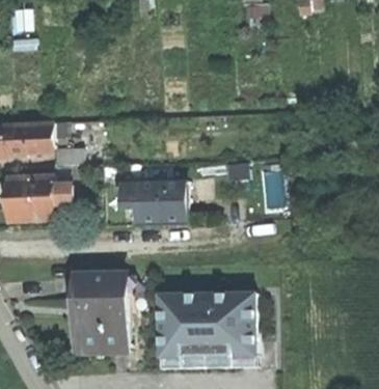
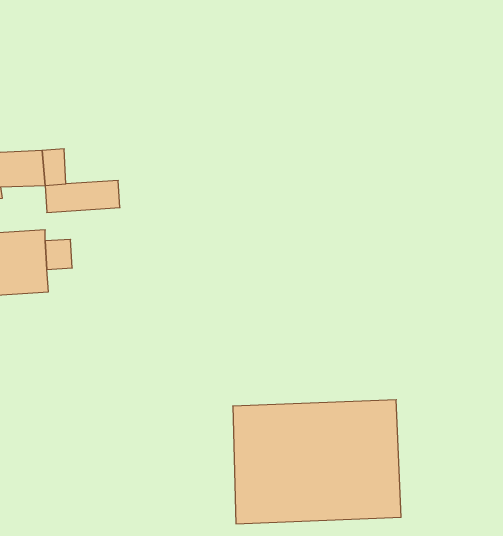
building: [115,179,178,220] -> none
building: [70,274,125,351] -> none

